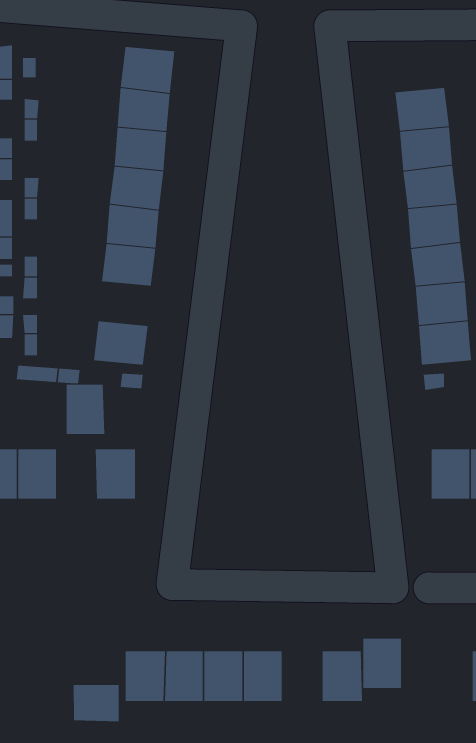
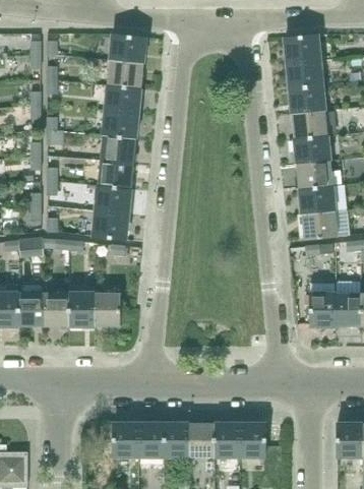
building: none -> [285,34,319,63]
building: none -> [96,185,130,213]
building: [66,384,105,435] -> [69,293,95,325]
building: [363,638,402,689] -> [215,423,240,455]
building: [73,684,119,722] -> none

